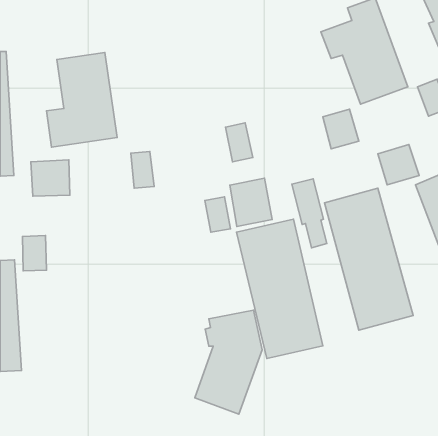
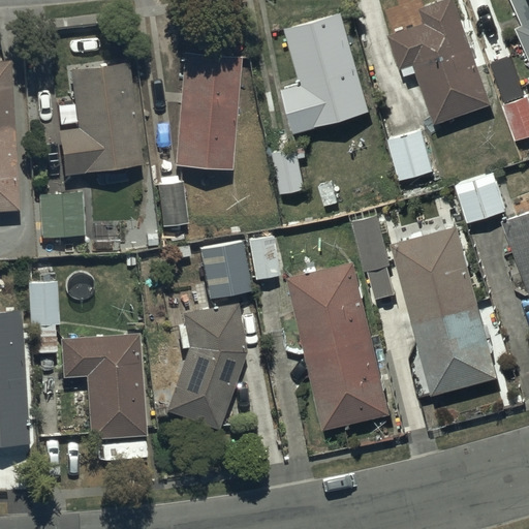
building: none -> [282,13,370,134]
building: none -> [175,54,239,172]
building: [230,178,272,226] -> [198,236,249,293]
building: none -> [61,336,144,441]
building: [195,310,262,414] -> [164,306,245,431]

